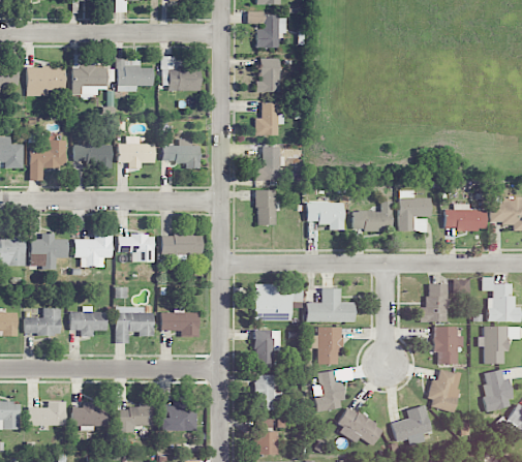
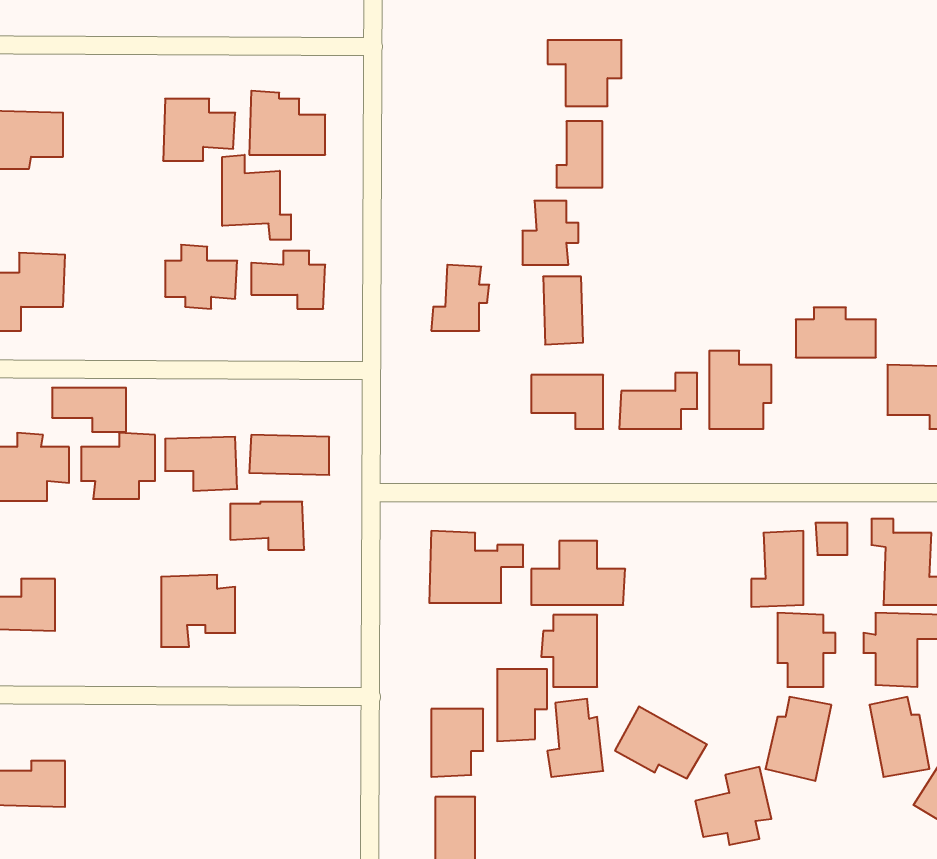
building: [247,13,285,48] -> [548,40,622,106]
building: [255,58,279,92] -> [556,121,602,187]
building: [71,66,106,98] -> none
building: none -> [222,155,291,240]
building: [254,102,283,135] -> [522,201,578,265]
building: [72,145,111,167] -> [52,388,126,432]
building: [255,190,276,225] -> [543,277,583,345]
building: [443,204,485,229] -> [796,307,876,357]
building: [69,306,106,337] -> none
building: [160,311,198,336] -> [230,502,304,550]
building: [254,330,280,367] -> [497,669,547,741]
building: [72,401,109,428] -> none
building: [118,401,154,432] -> none
building: [159,403,196,431] -> none
building: [335,408,382,445] -> [615,706,707,778]

